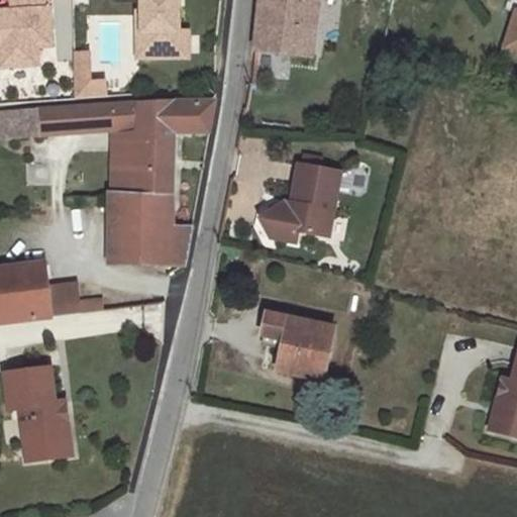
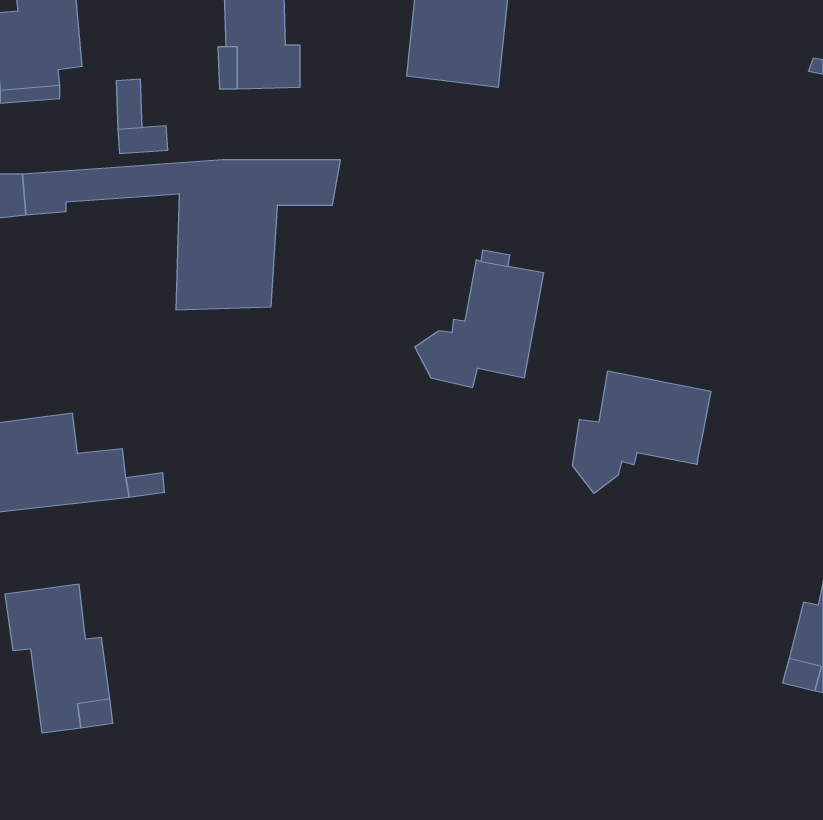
building: [108,192,193,264] -> none
building: none -> [572,371,711,493]
building: [263,311,334,379] -> none

